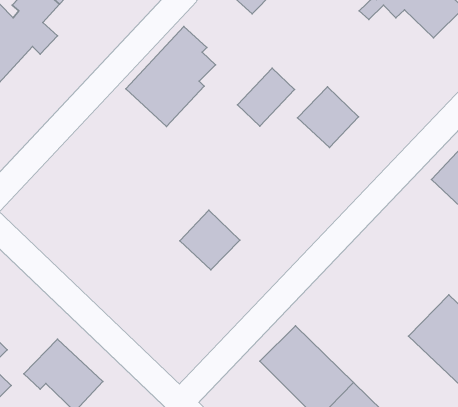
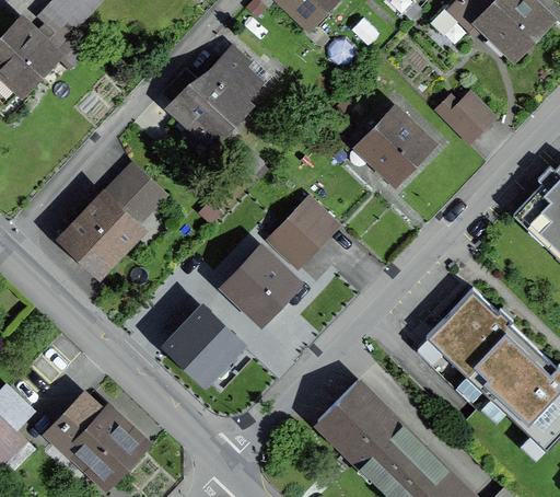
building: [238,68,294,126] -> [269,197,334,263]
building: none -> [438,93,492,140]
building: none -> [56,161,167,282]
building: none -> [427,288,532,392]
building: none -> [168,308,238,378]

